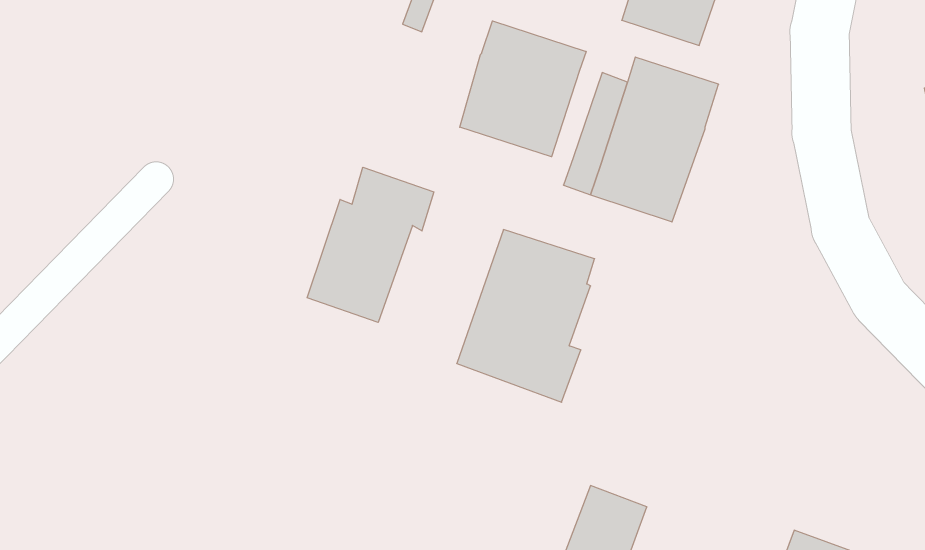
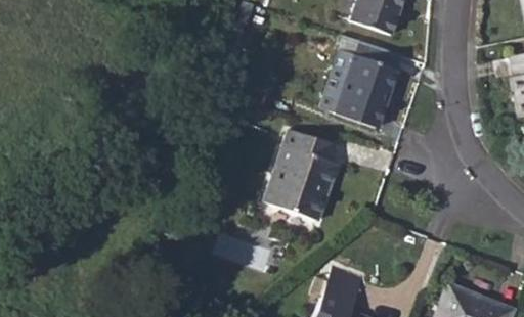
building: [460,21,586,157] -> none
building: [307,167,434,322] -> none

